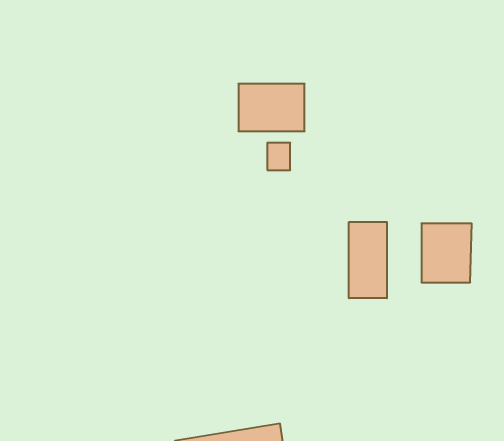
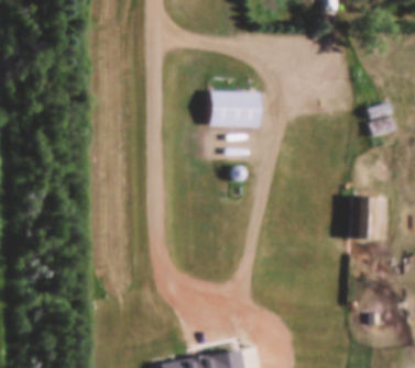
building: none -> [365,103,395,137]
building: [349,222,387,298] -> none

